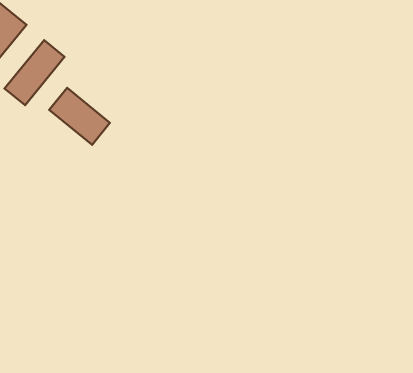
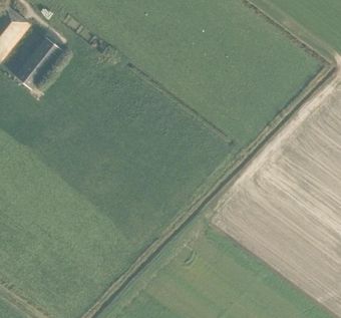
building: [49,88,110,145] -> none

